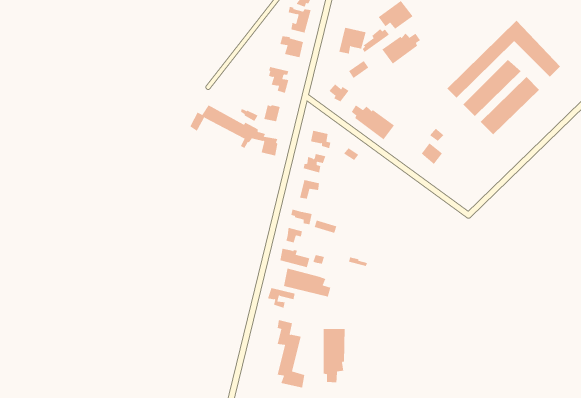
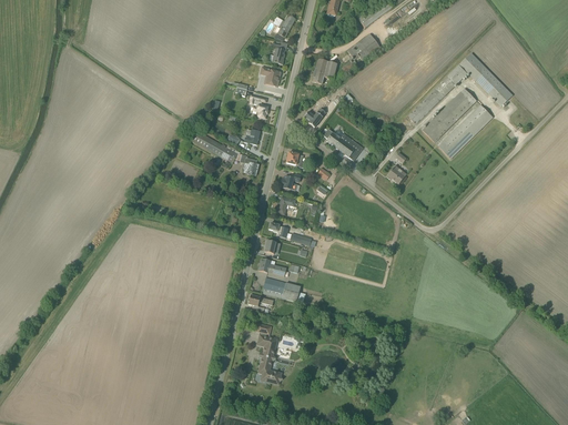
building: [382,33,421,65] -> none
building: [323,328,345,383] -> none

